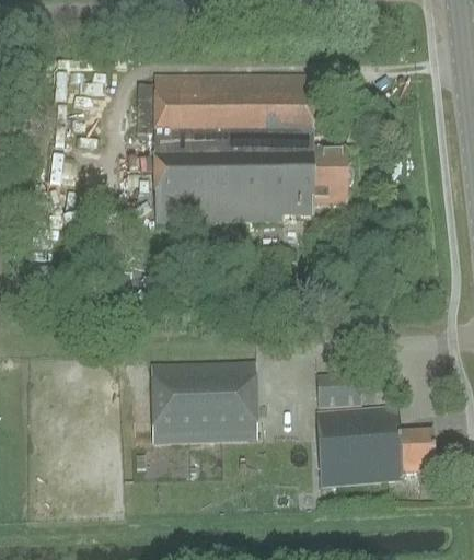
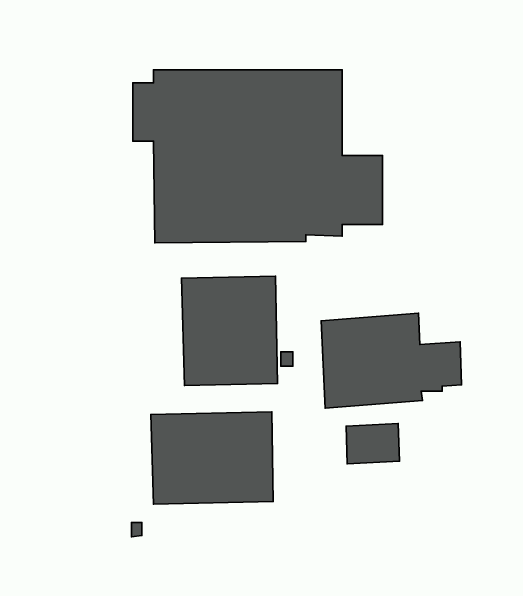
building: none -> [182,276,277,386]
building: [316,406,435,486] -> [321,313,462,408]

